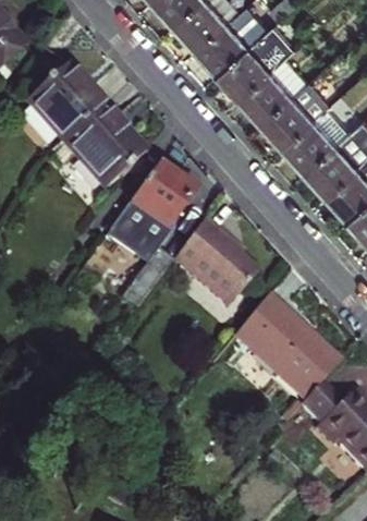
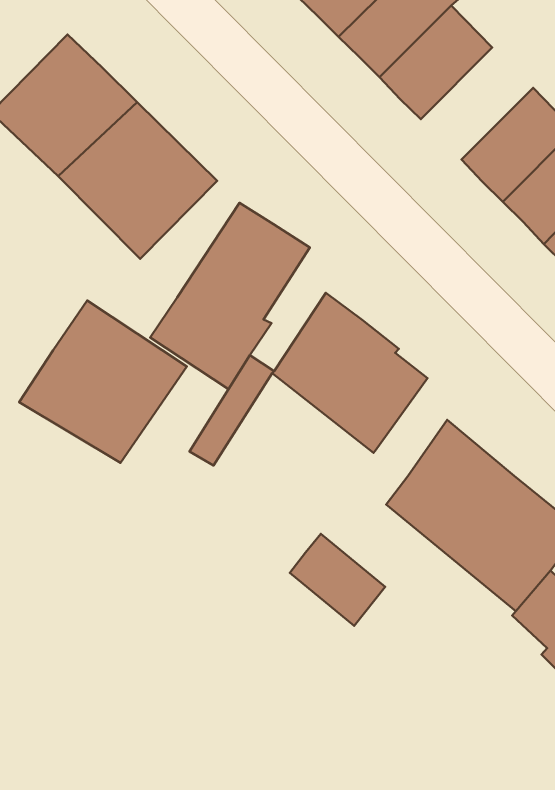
building: [261,85,326,147] -> none
building: none -> [19,301,187,463]
building: none -> [290,534,385,626]

